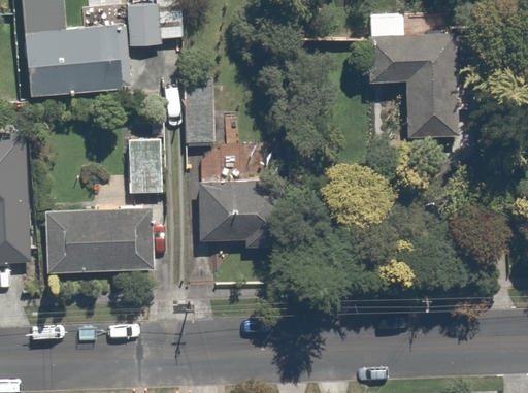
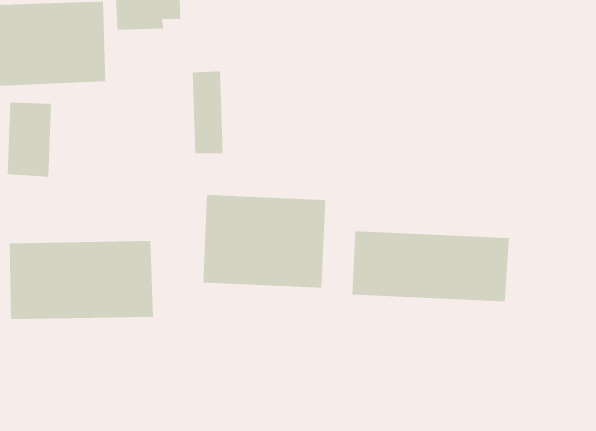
building: [367,29,466,138] -> none
building: [127,137,162,196] -> [7,102,52,177]
building: none -> [352,231,509,302]

